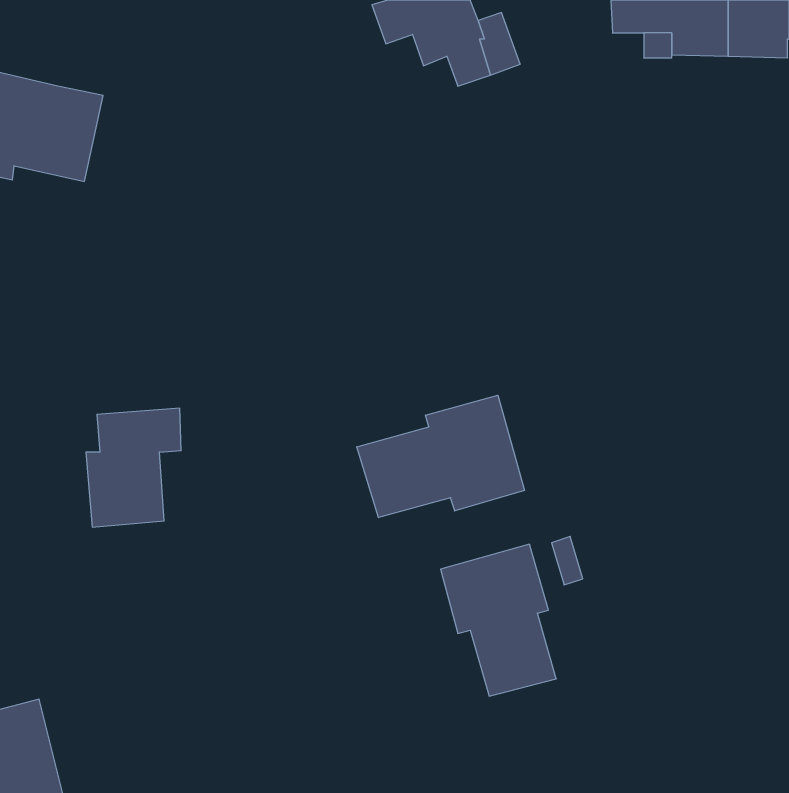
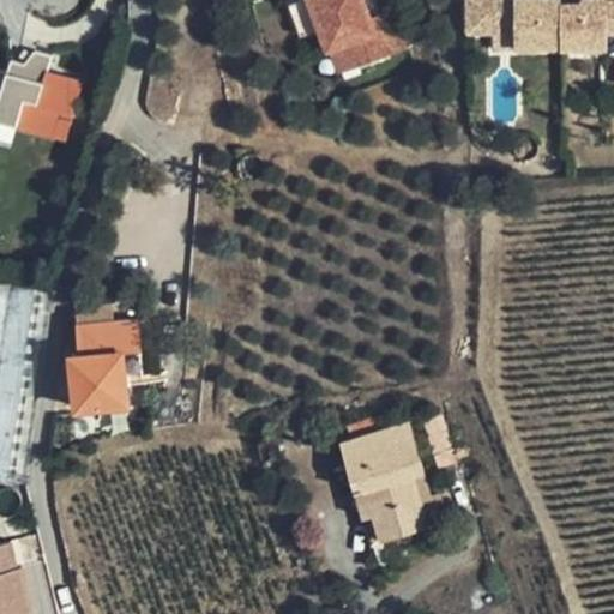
building: [357,395,524,518] -> none

